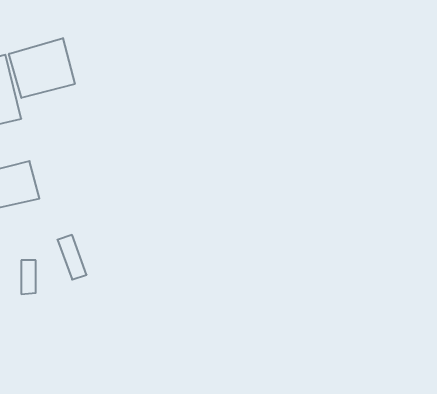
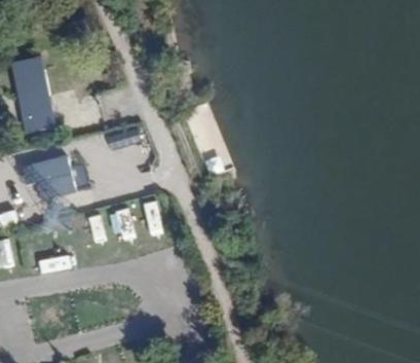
building: [9,38,75,98] -> none

